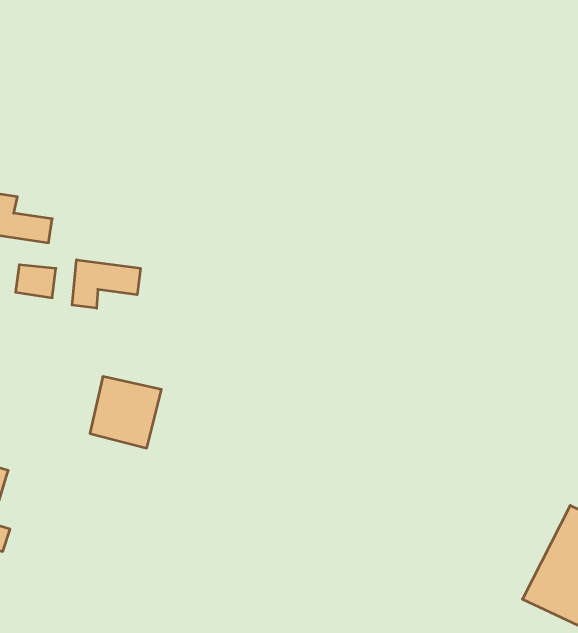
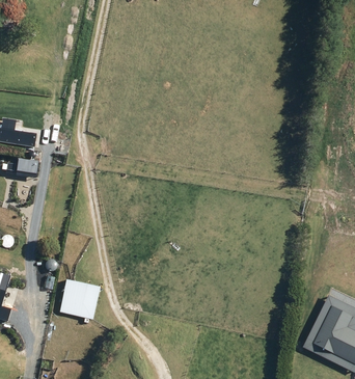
building: [72,260,140,308] -> none
building: [90,377,161,448] -> [59,278,100,319]

